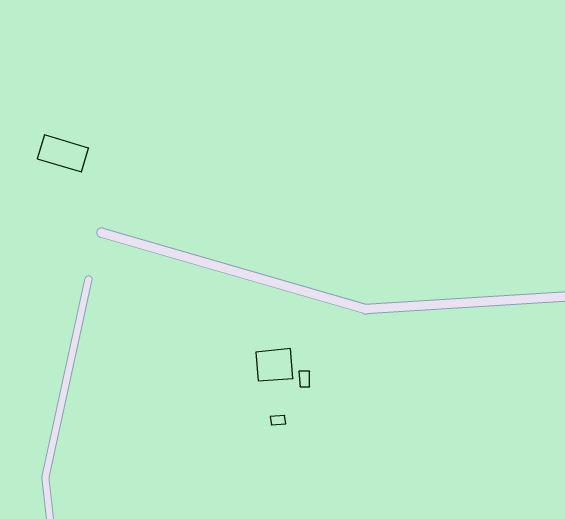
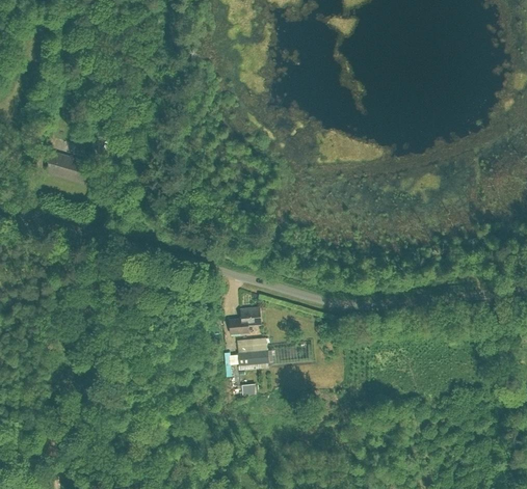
building: none -> [229,307,260,333]

